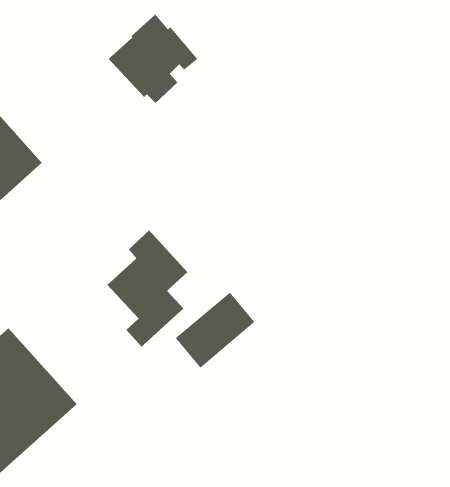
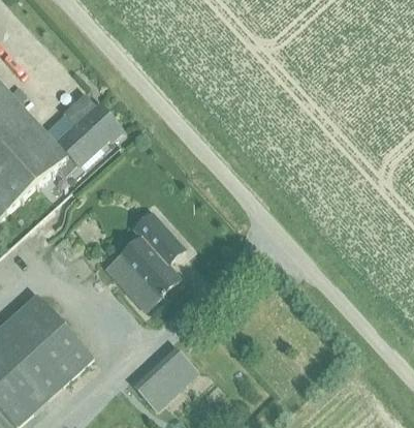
building: [108,14,198,104] -> [45,95,120,170]
building: [175,292,255,368] -> [135,346,201,409]

